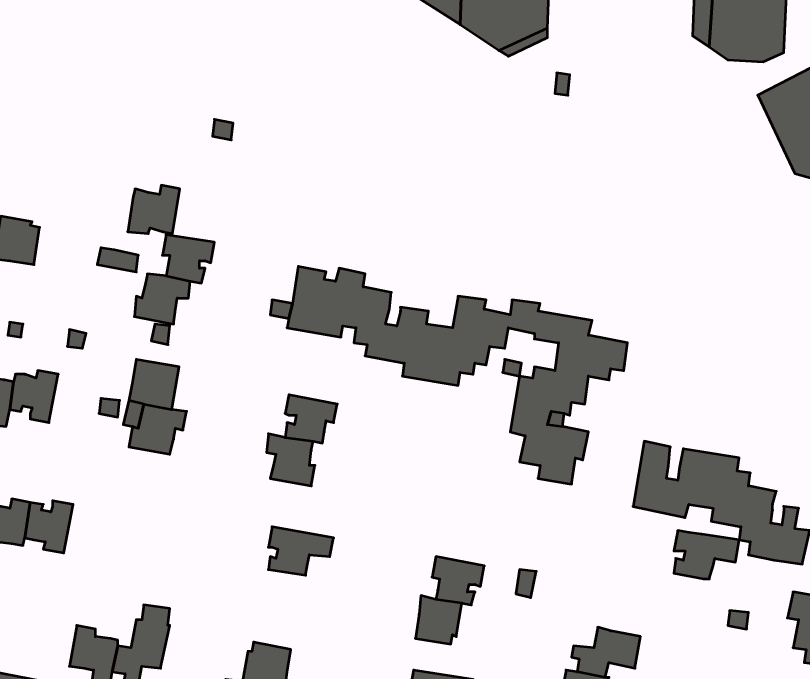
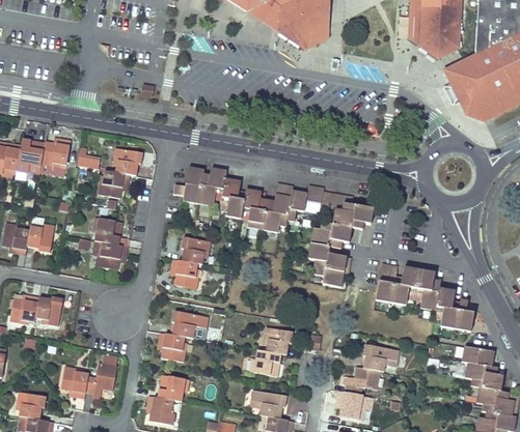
building: [128,185,180,234] -> [42,138,71,165]
building: [674,531,739,579] -> [363,345,400,372]
building: none -> [158,333,186,363]

